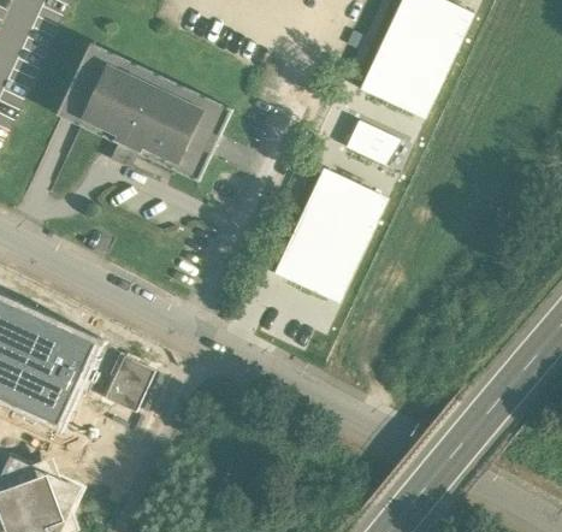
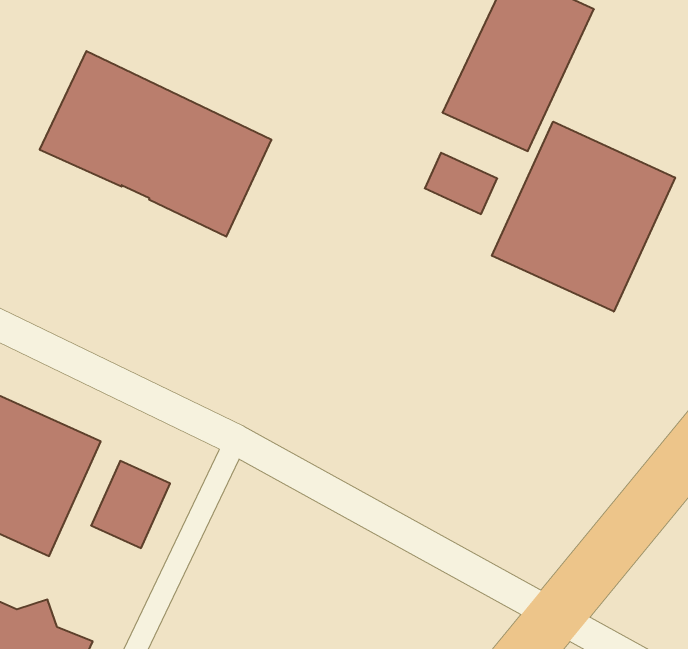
building: none -> [492,122,675,312]
building: [271,169,385,305] -> none

